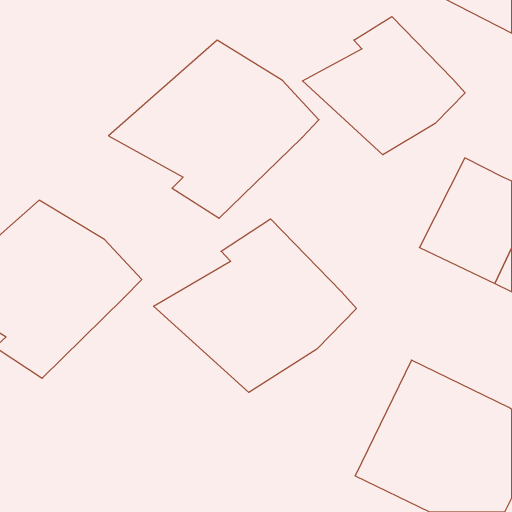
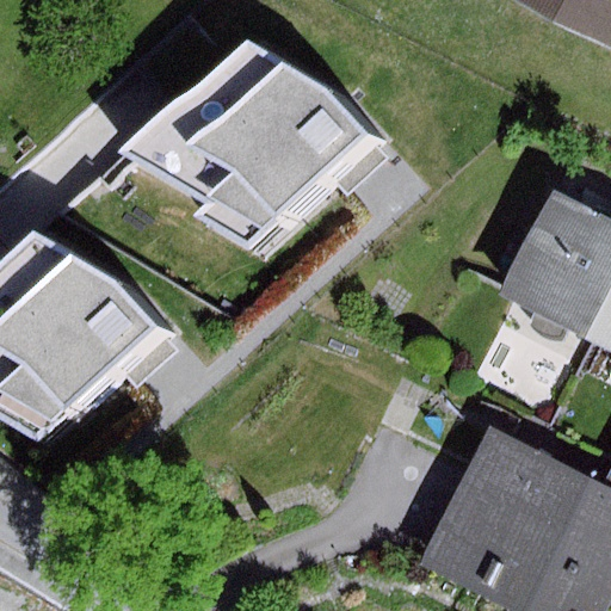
building: [302,17,465,155] -> none
building: [154,219,356,392] -> none

